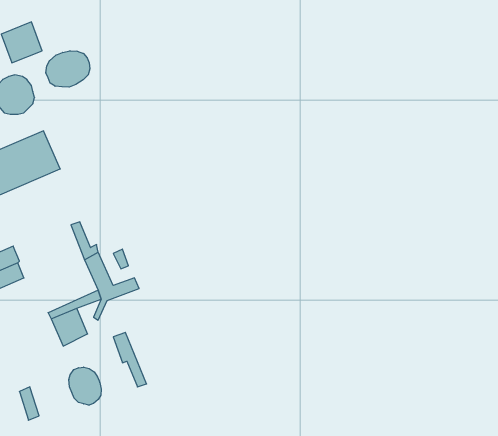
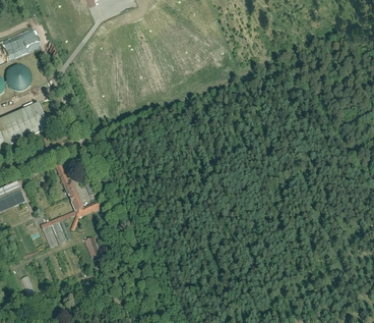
building: [46,51,90,87] -> none
building: [69,367,101,405] -> none

